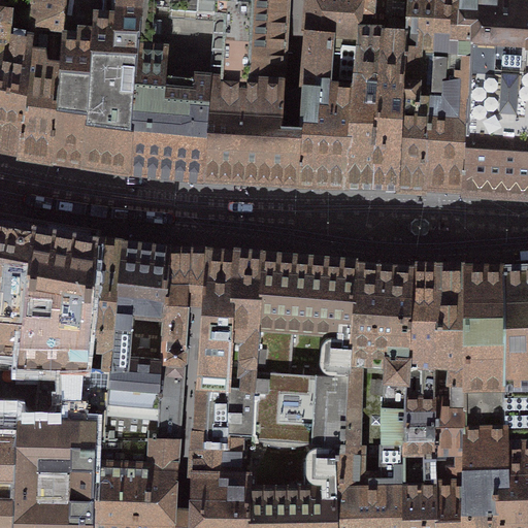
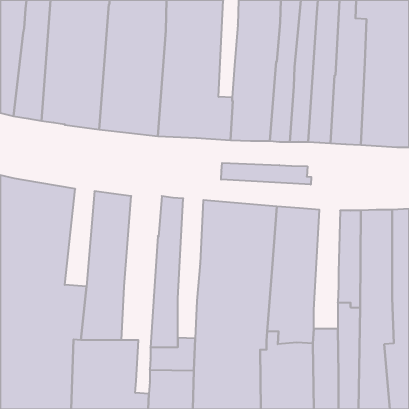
building: none -> [221,163,311,185]
building: [84,243,122,369] -> none
building: [157,253,208,438] -> none
building: [229,256,262,436] -> none
building: [404,270,438,424] -> none

